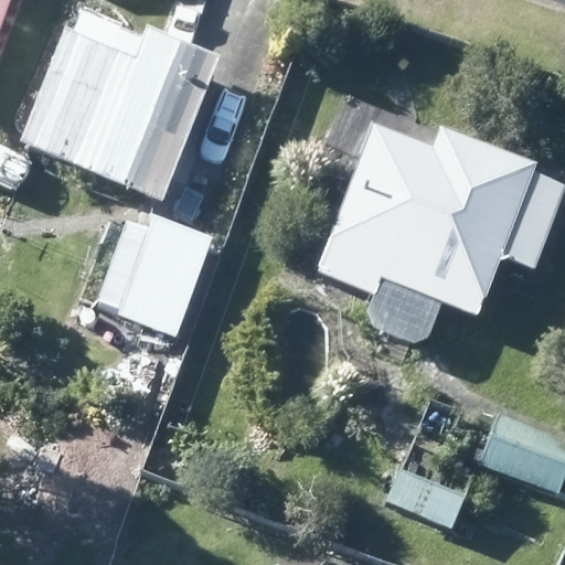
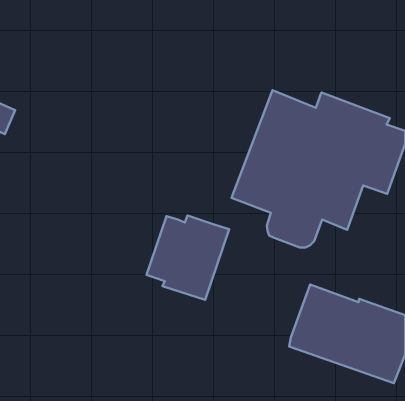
building: [23,32,221,200] -> none
building: [96,216,210,332] -> [146,215,229,300]

